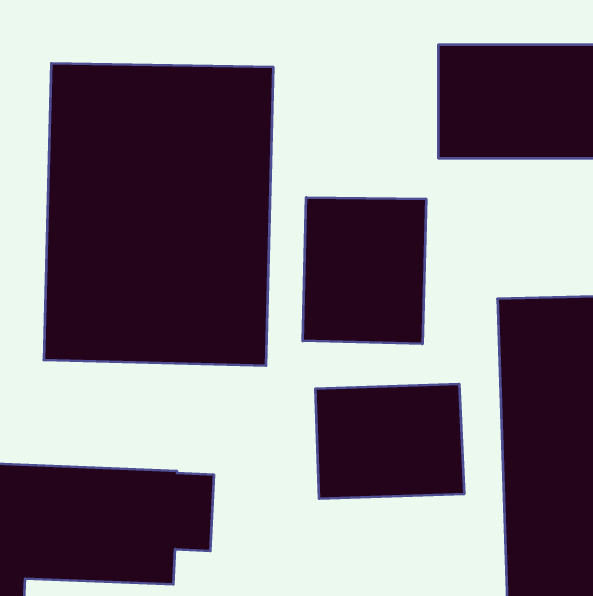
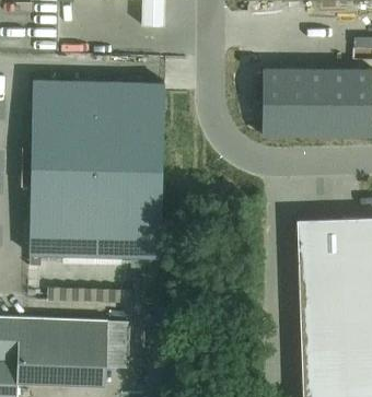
building: [303,197,426,344] -> none
building: [316,384,464,499] -> none

